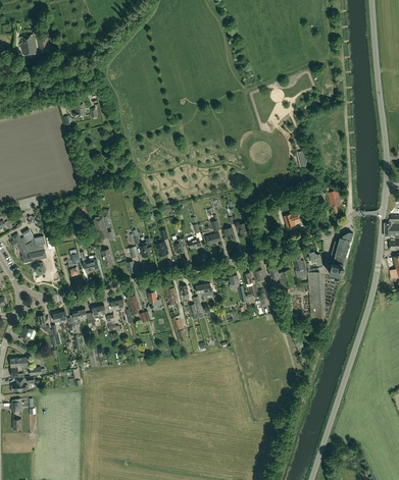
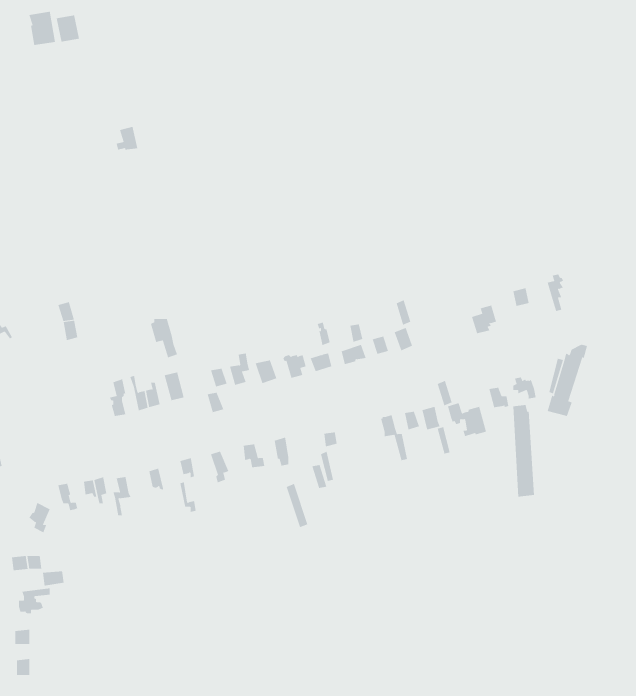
building: [10,229,47,263] -> none

